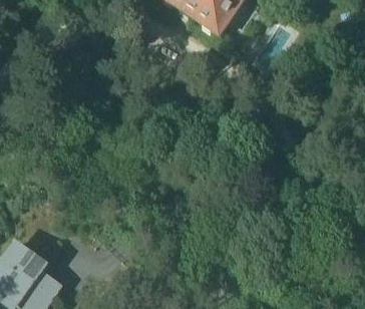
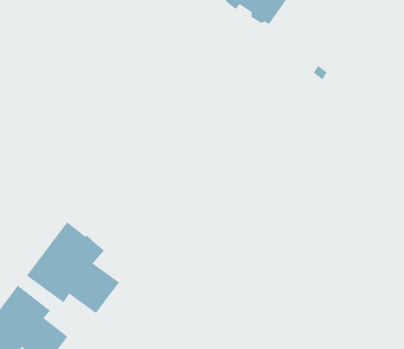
building: none -> [26,221,120,314]

